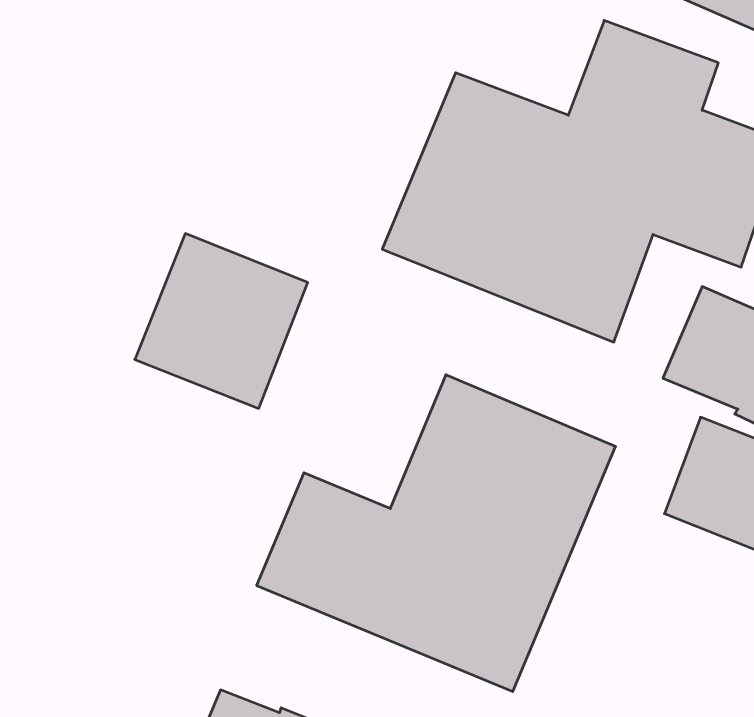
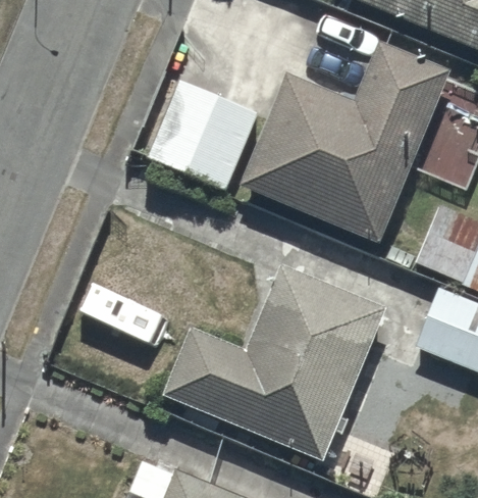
building: [135,234,308,408] -> [149,82,257,191]

